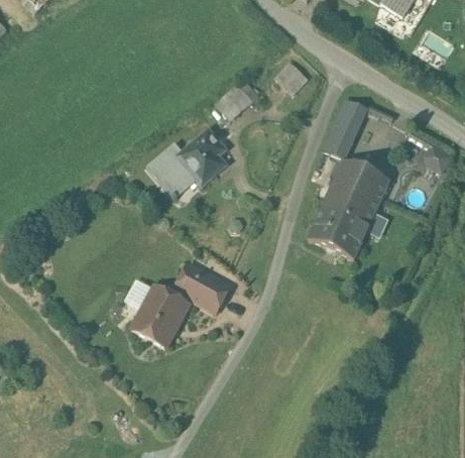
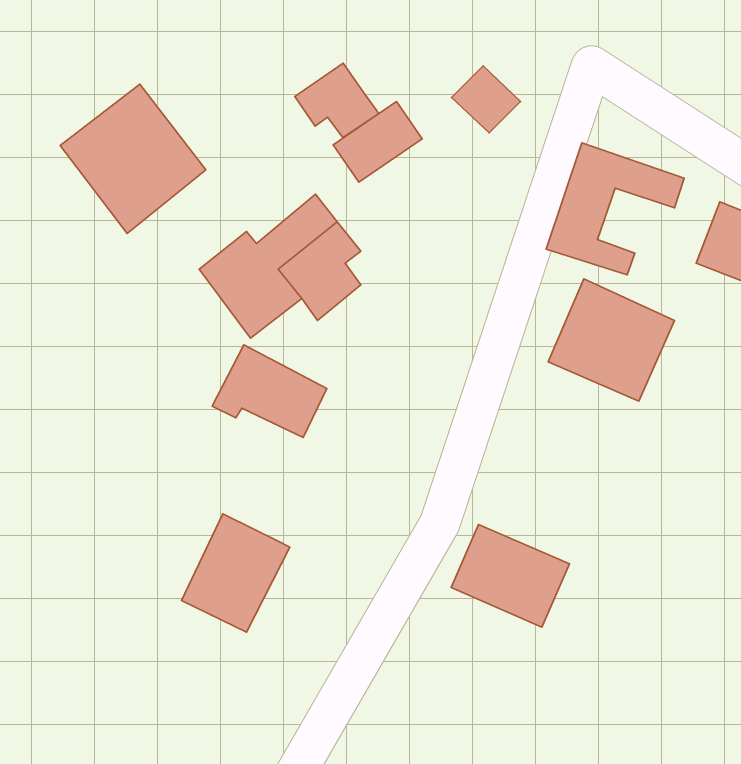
building: none -> [295,63,379,138]
building: none -> [60,84,206,233]
building: [308,209,368,261] -> [451,524,569,627]
building: [171,263,230,311] -> [212,345,327,438]

